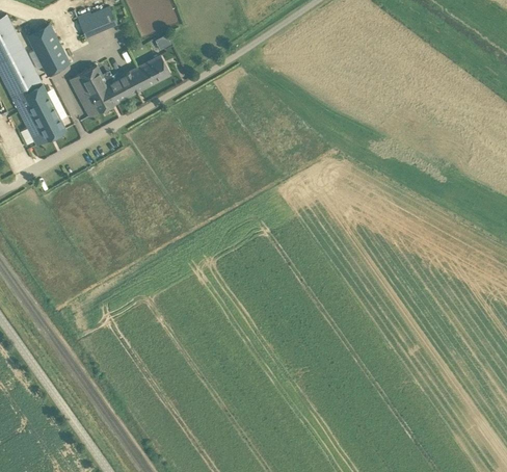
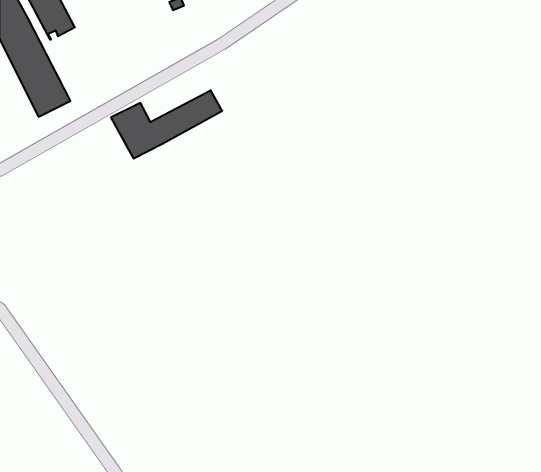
building: [69,54,170,116] -> [111,90,222,159]

